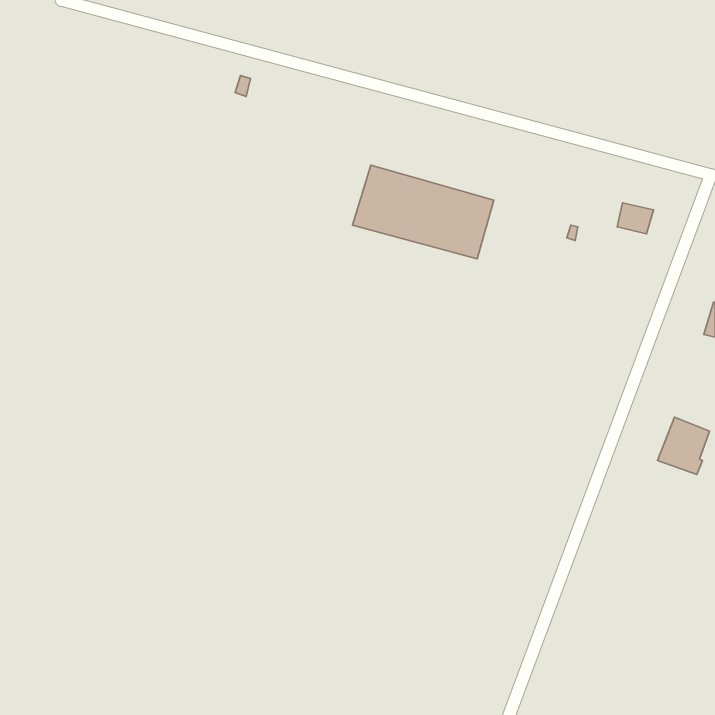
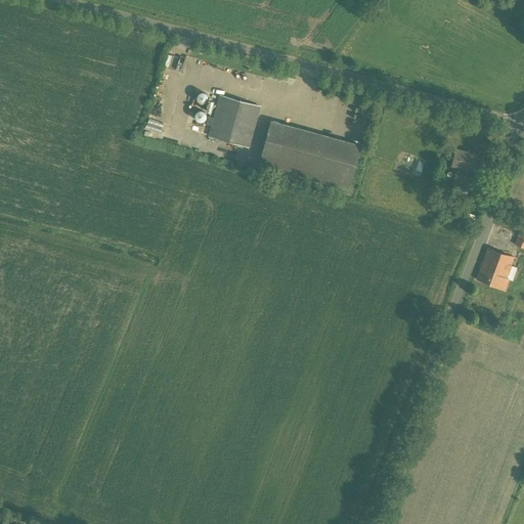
building: none -> [209,95,260,146]
building: [658,417,709,475] -> [476,248,514,290]

